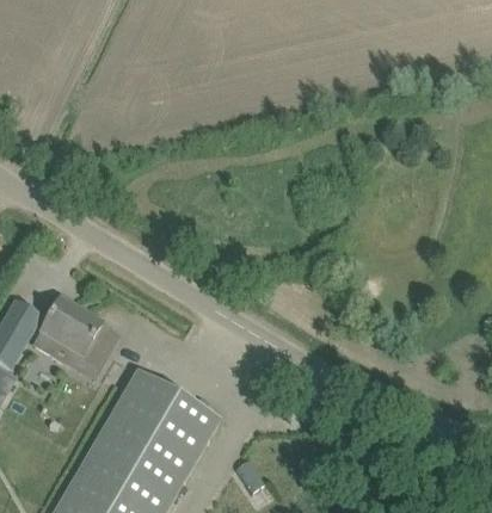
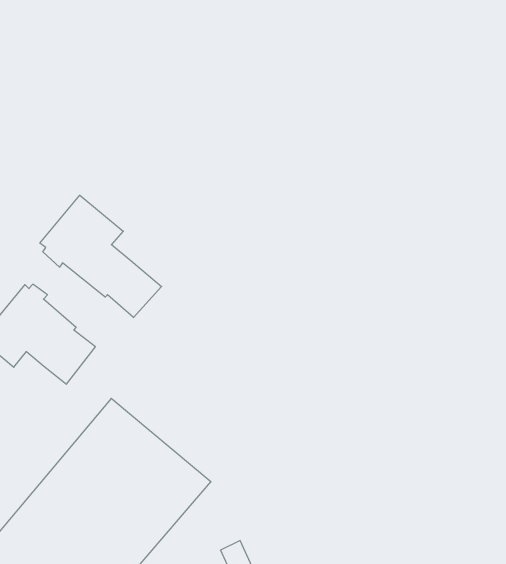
building: none -> [40,195,162,318]

